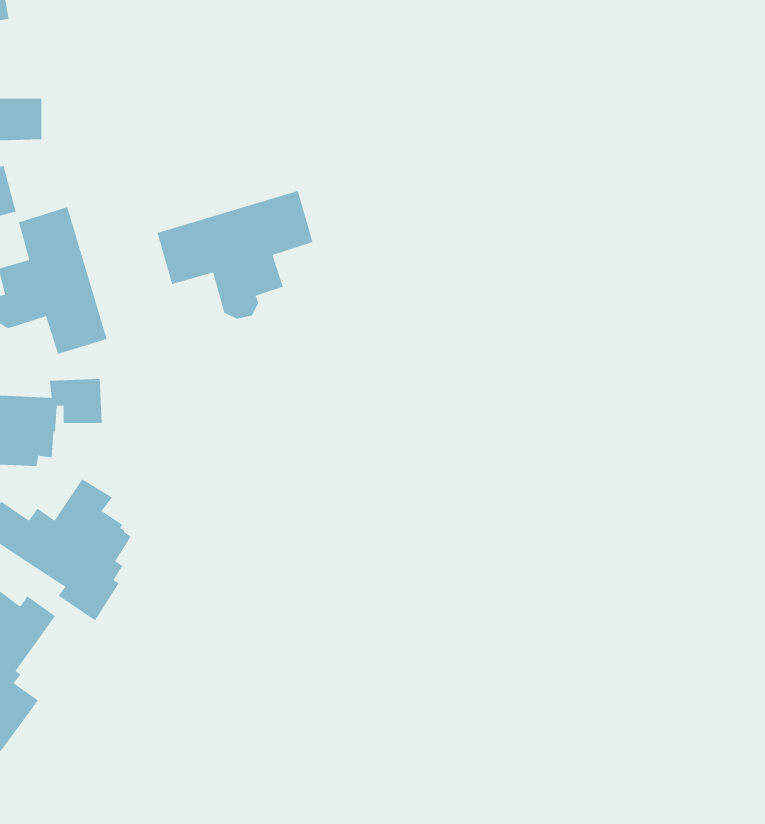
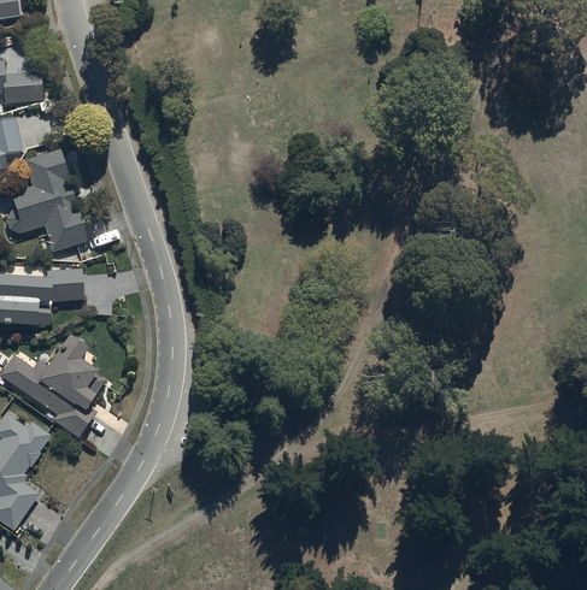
building: [157,190,313,320] -> none

